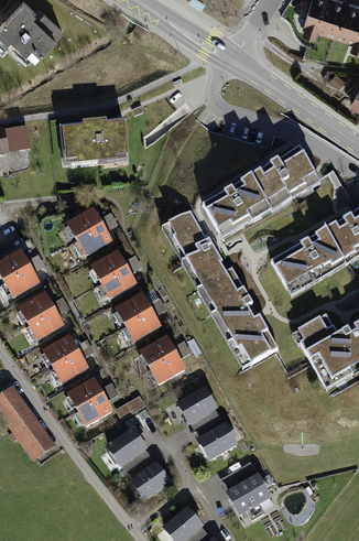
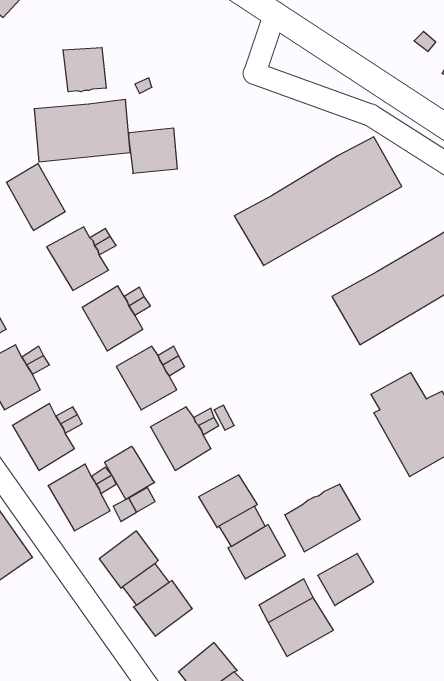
building: none -> [63,47,106,92]
building: none -> [129,128,177,174]
building: none -> [6,163,65,231]
building: [167,209,278,364] -> none
building: none -> [105,446,155,499]
building: none -> [285,484,360,552]
building: none -> [318,553,374,606]

